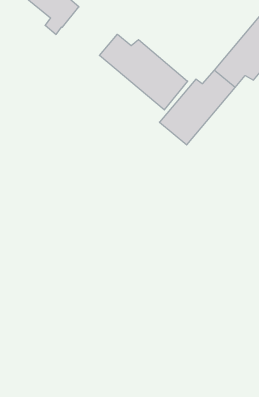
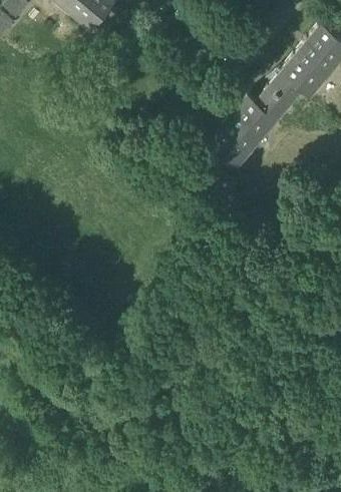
building: [99,34,188,110] -> none

